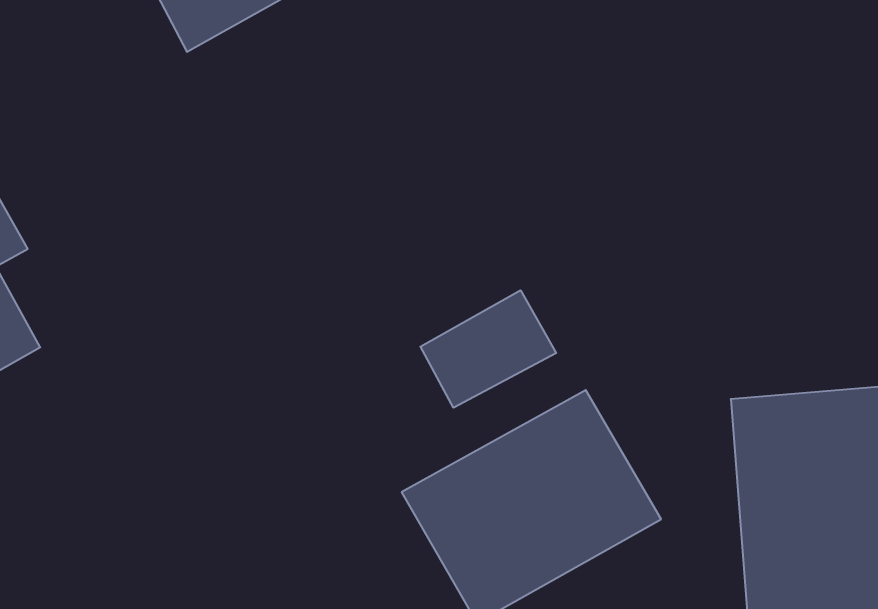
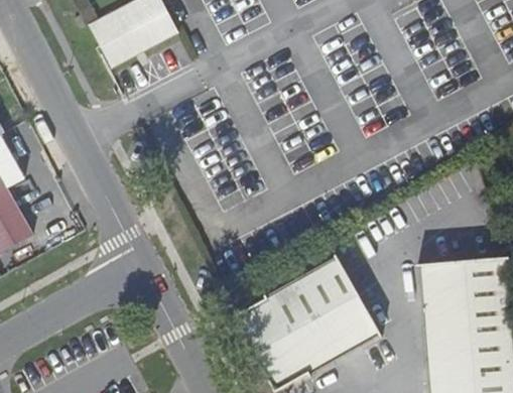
building: [420,290,556,408] -> none

